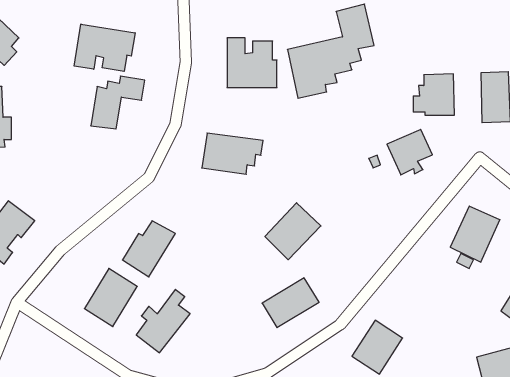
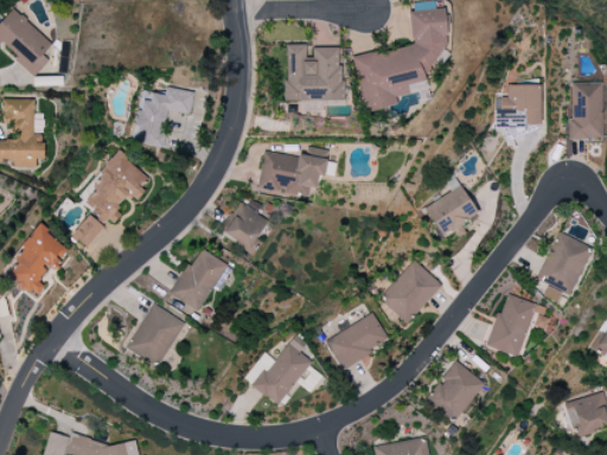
building: [74,24,135,71] -> none
building: [387,129,432,175] -> [427,187,478,238]
building: none -> [82,153,152,225]
building: none -> [224,201,269,249]
building: none -> [74,213,104,246]
building: [265,203,321,260] -> [381,259,443,323]
building: none -> [488,294,550,357]
building: [136,289,190,353] -> [253,334,313,405]

